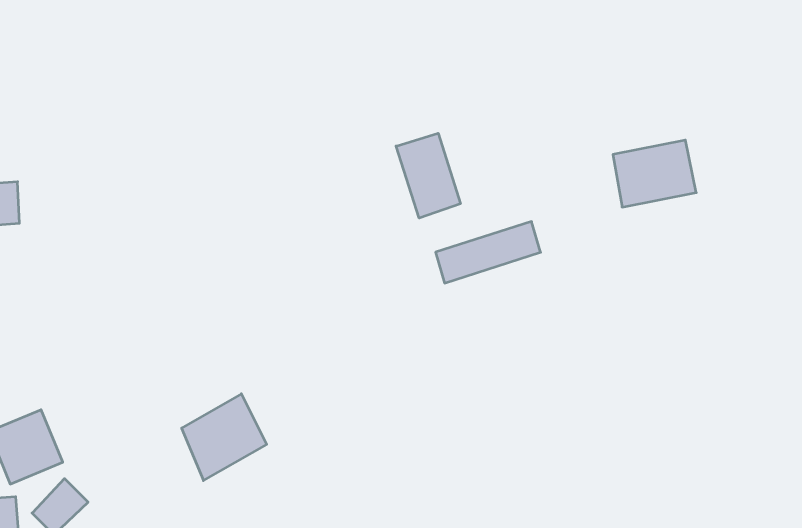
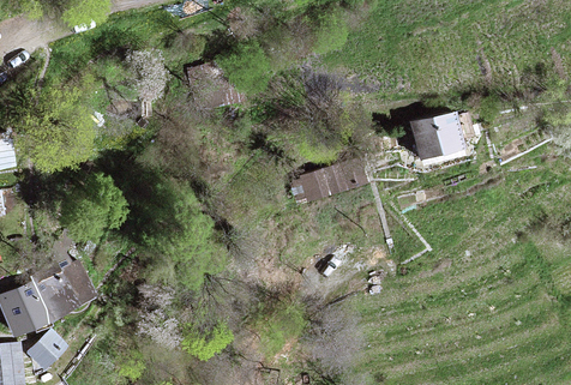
building: [396,133,460,218] -> none
building: [182,394,267,481] -> [34,264,90,321]

